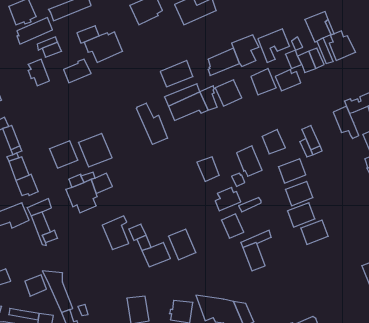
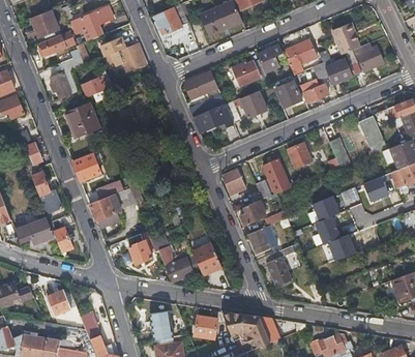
building: [136,103,168,144] -> none
building: [78,133,112,167] -> [65,102,99,137]
building: [278,159,306,183] -> [361,177,389,202]

